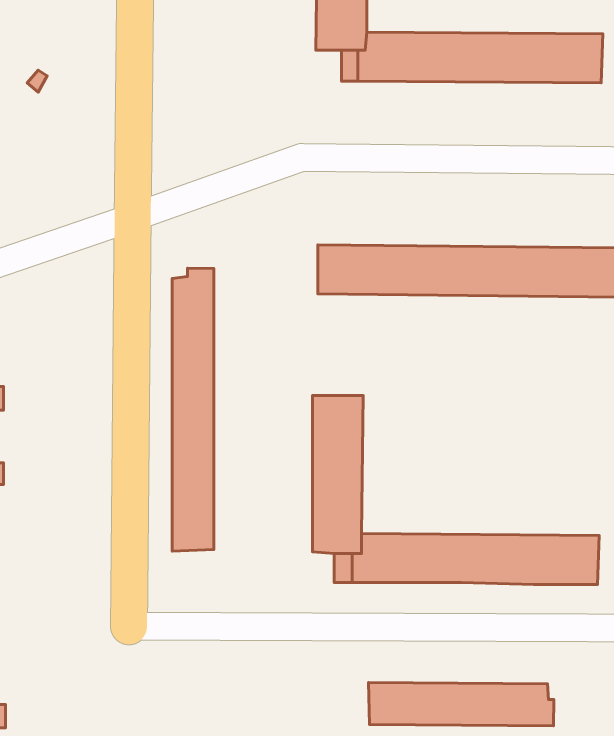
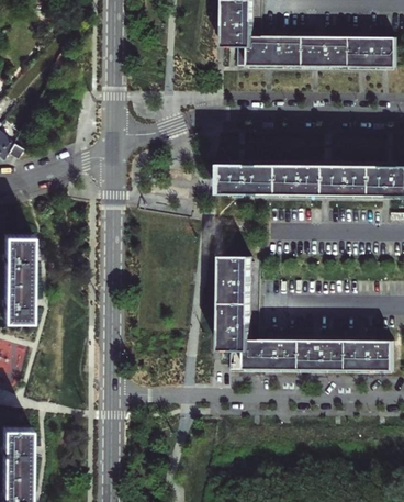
building: [172,268,214,551] -> none
building: [369,683,554,726] -> none

